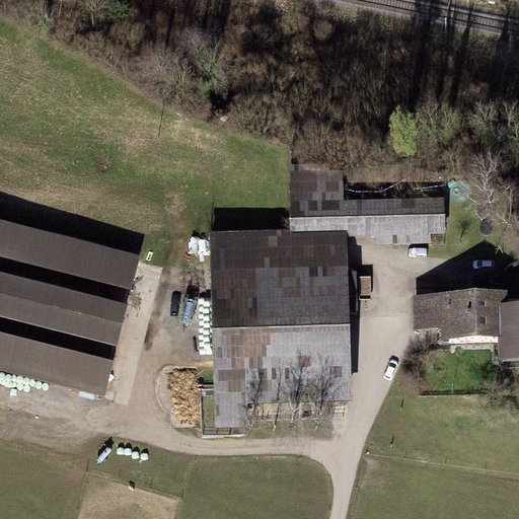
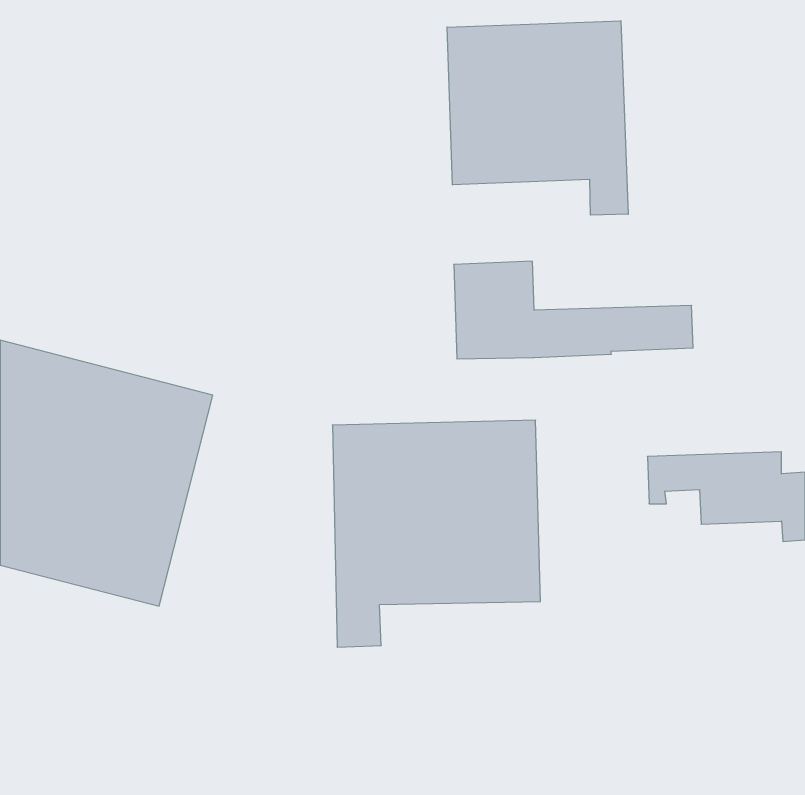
building: none -> [447,21,628,215]
building: [213,230,345,274] -> none

